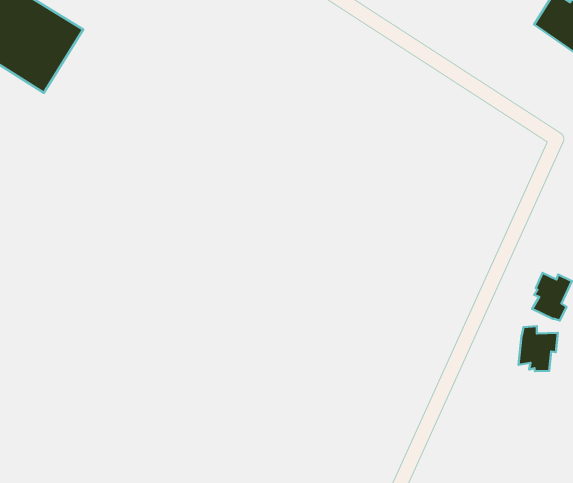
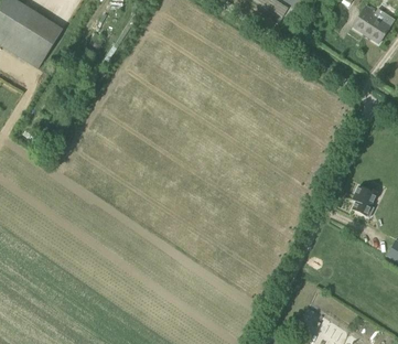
building: [518,326,558,371] -> none

